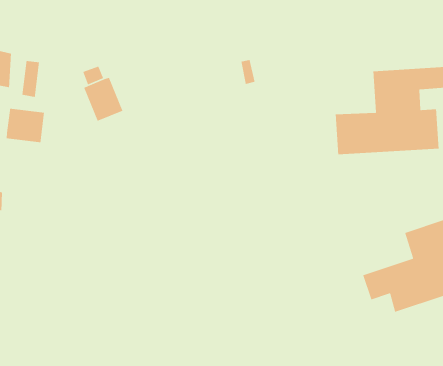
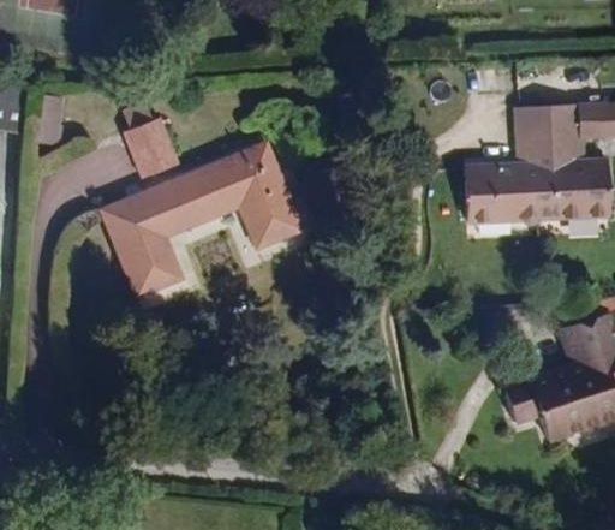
building: none -> [105,144,299,294]
building: [6,108,45,143] -> none

